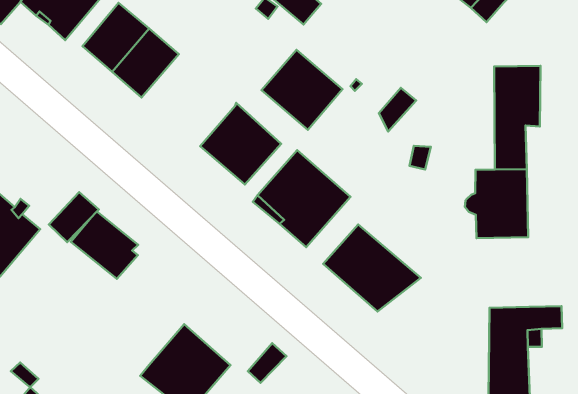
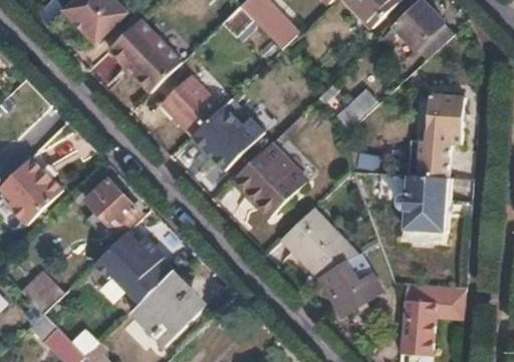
building: [262,50,343,130] -> [161,72,224,135]
building: none -> [320,252,386,315]
building: none -> [95,231,170,302]

